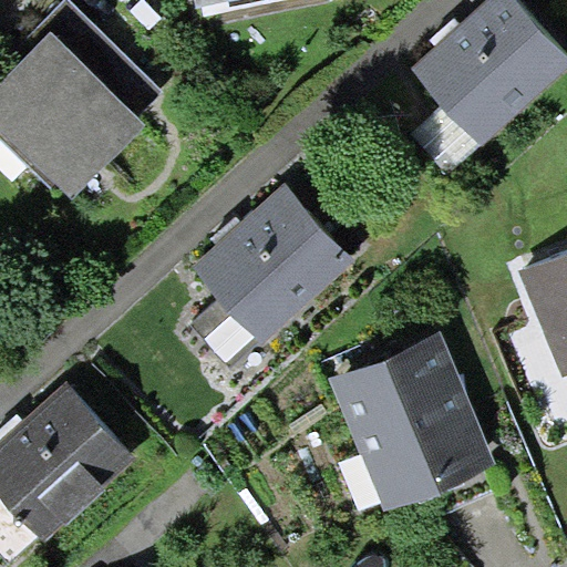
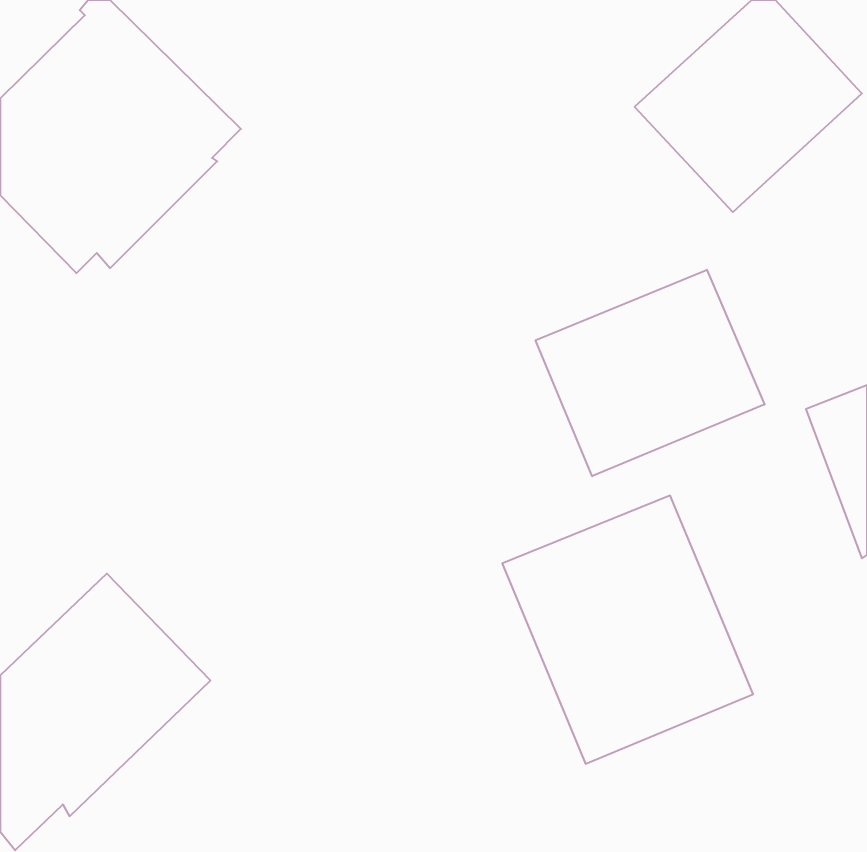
building: [193,184,354,365] -> none
building: none -> [536,270,765,476]

